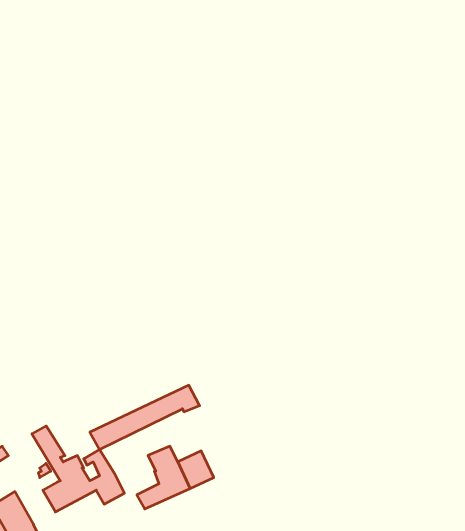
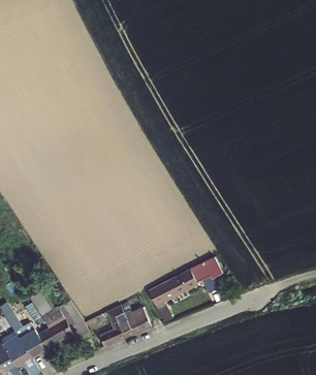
building: [90,385,200,449] -> [147,261,219,304]
building: none -> [11,322,43,357]

